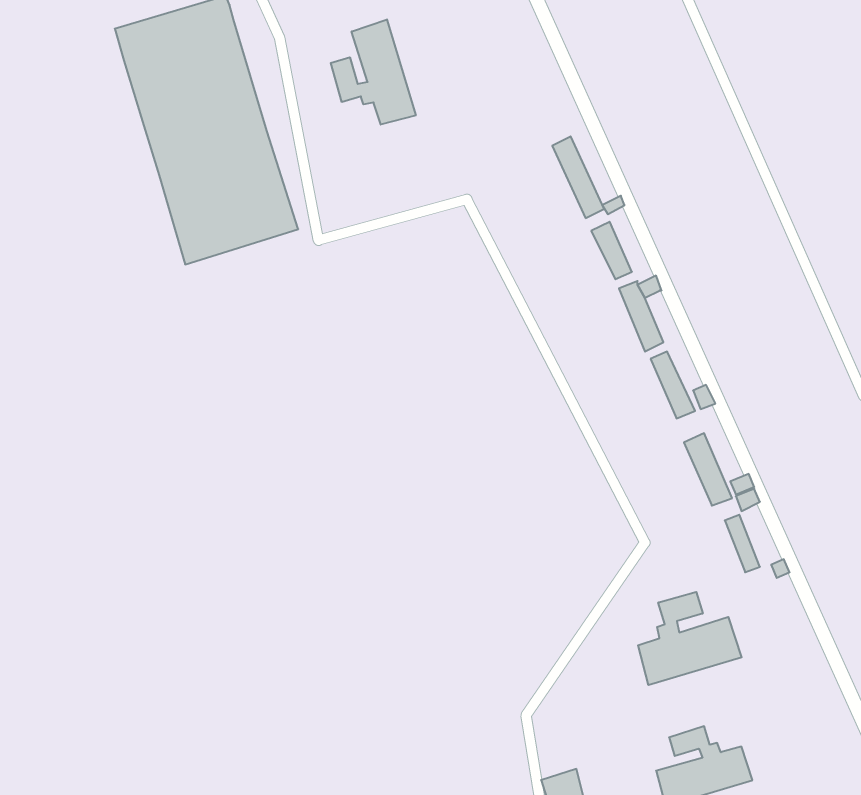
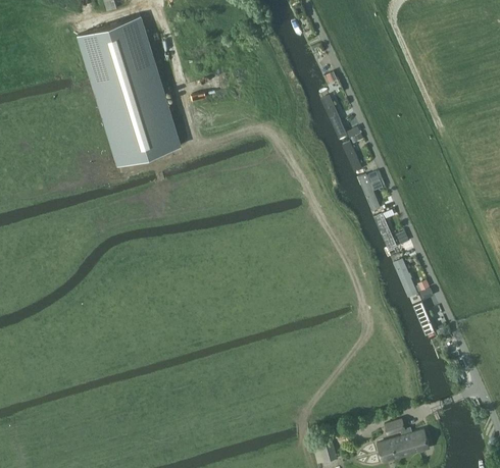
building: [331,19,416,125] -> none
building: [638,592,742,685] -> none

